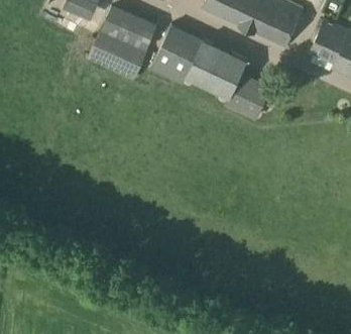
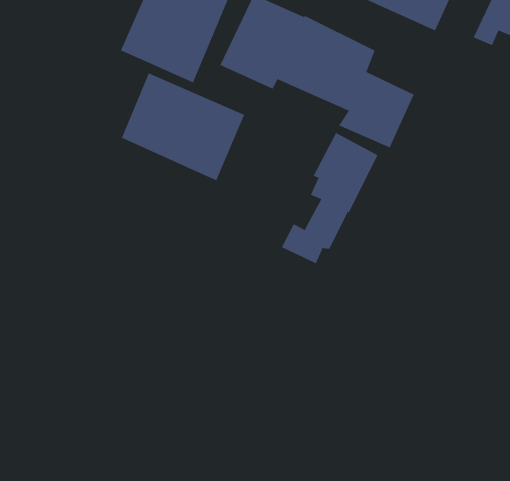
building: none -> [121,72,245,181]
building: none -> [281,132,378,264]

